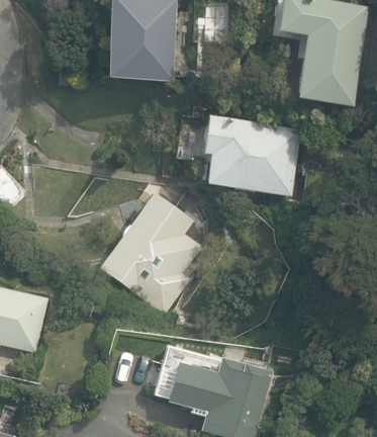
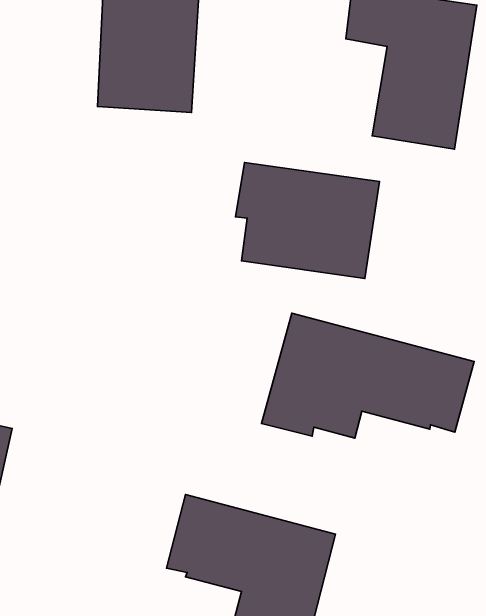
building: [101,193,197,314] -> none
building: none -> [262,313,474,438]

